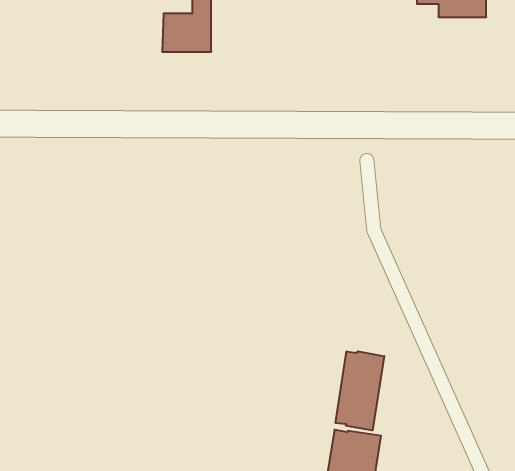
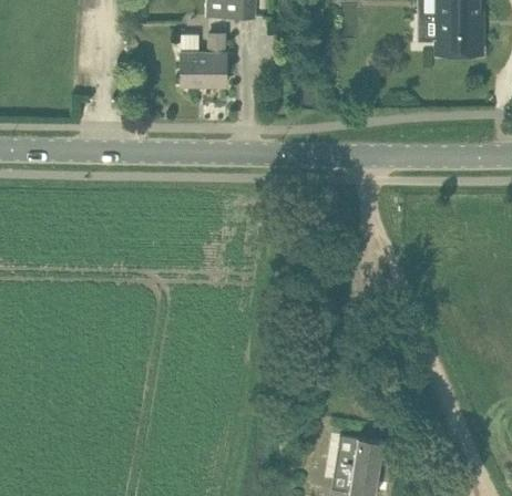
building: [336,351,384,430] -> none

